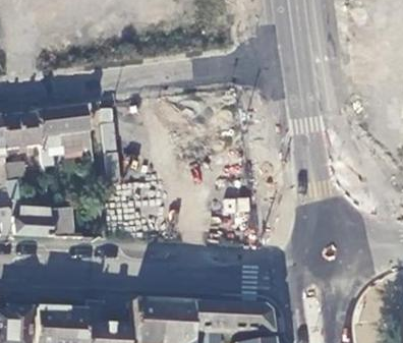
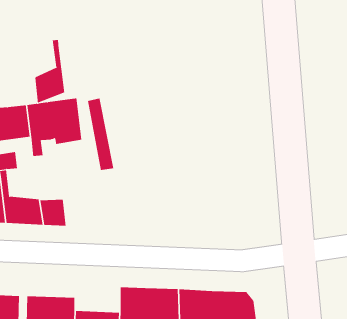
building: none -> [35,39,65,103]

